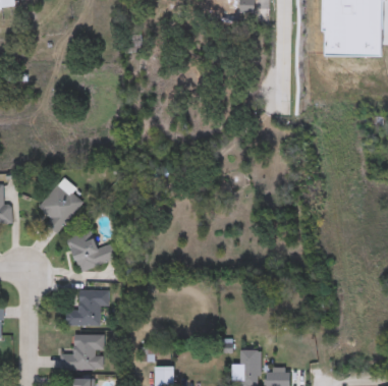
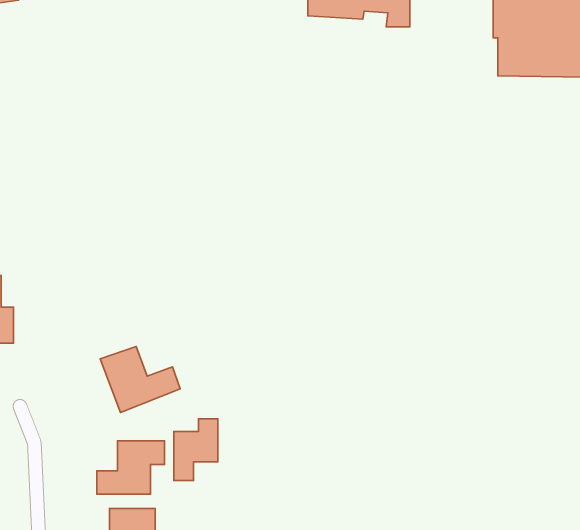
building: [38,182,82,232] -> none
building: none -> [174,419,218,480]

